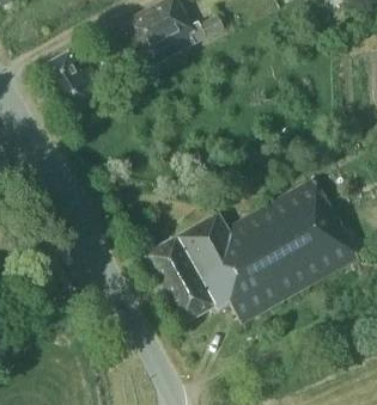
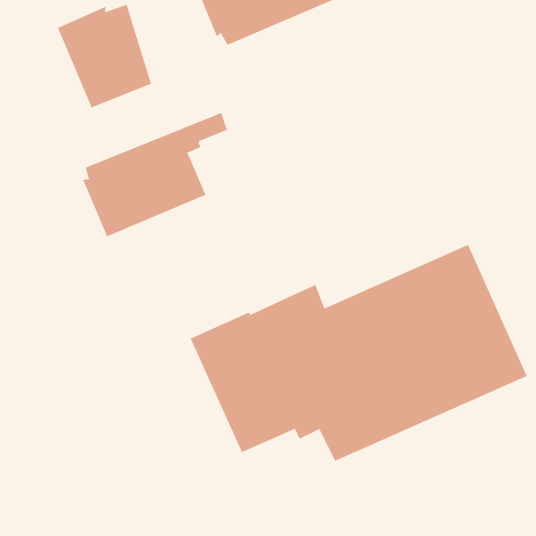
building: none -> [82,112,228,237]

